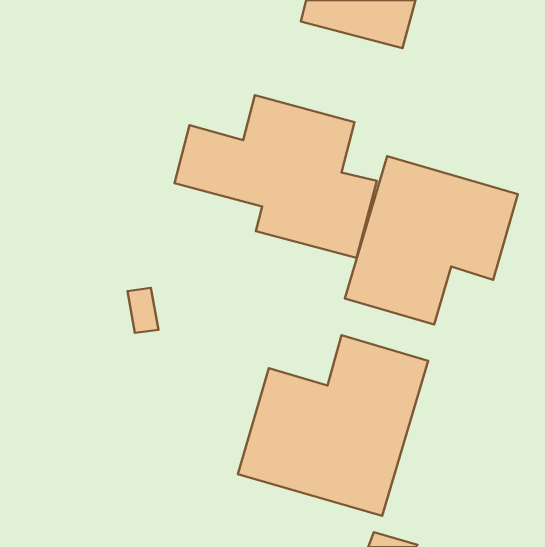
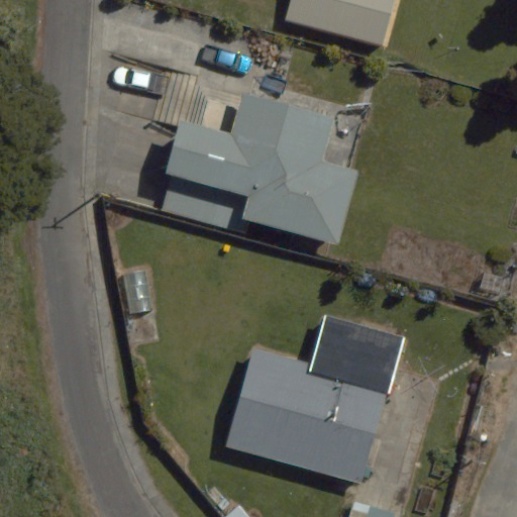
building: [345,156,518,325] -> none

